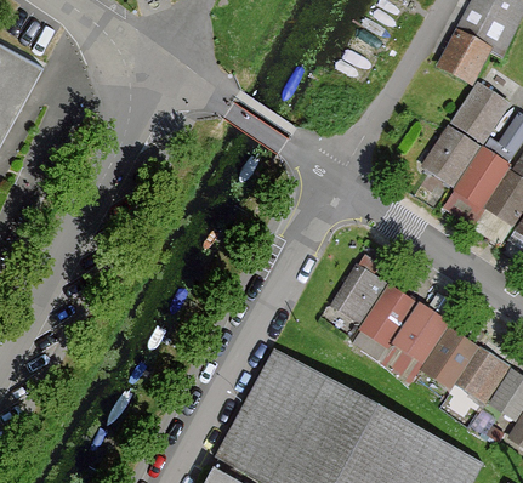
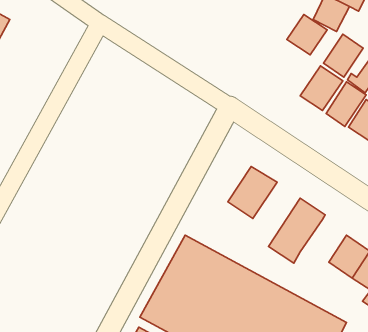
building: none -> [287,15,327,55]
building: [351,280,422,364] -> none
building: [422,329,483,393] -> none

